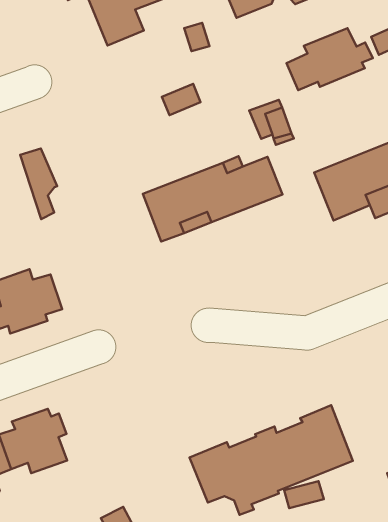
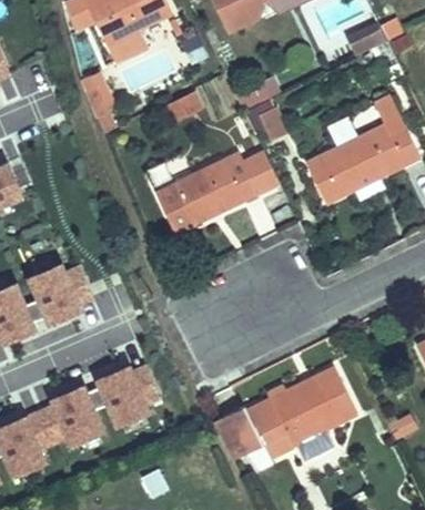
building: [286,28,373,90] -> none
building: [20,149,57,219] -> [81,71,115,133]
building: none -> [94,366,161,425]

